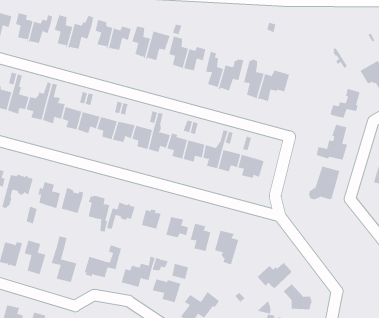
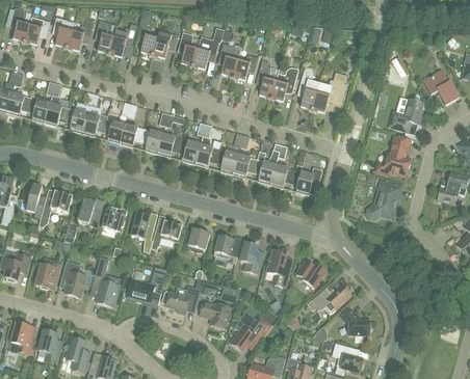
building: none -> [296,260,327,287]

